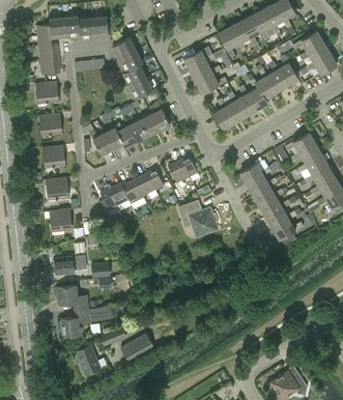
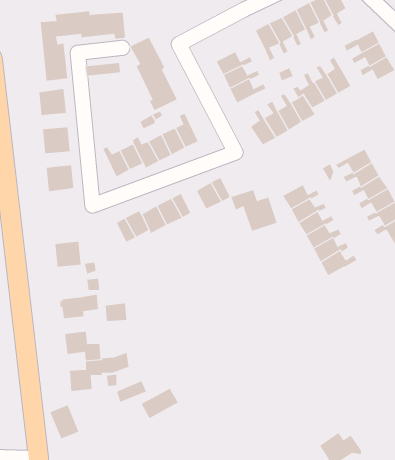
building: [45,177,68,199] -> none
building: [178,201,218,236] -> [231,190,277,231]
building: [76,344,101,373] -> [50,405,79,439]

